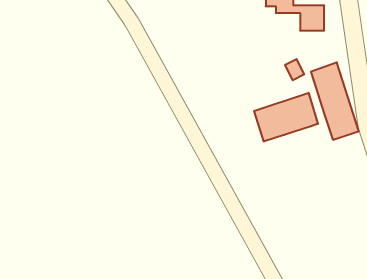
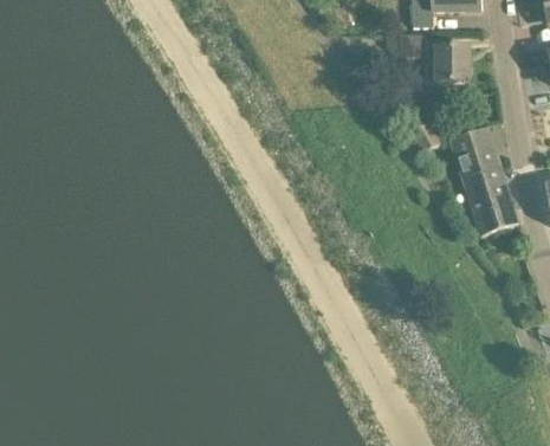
building: [254,93,318,142] -> none

